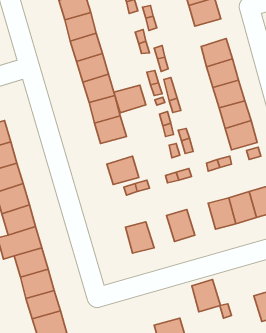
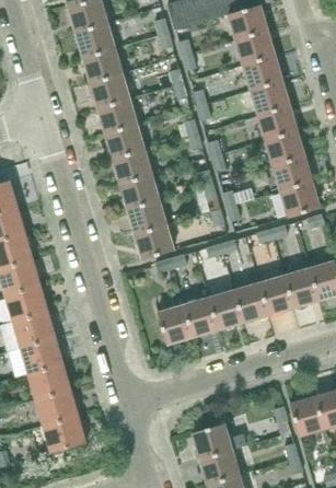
building: none -> [243,56,281,90]
building: [114,85,146,113] -> [127,200,166,234]
building: none -> [233,282,268,322]
building: none -> [183,298,218,337]
building: [192,280,220,312] -> [290,396,325,435]

